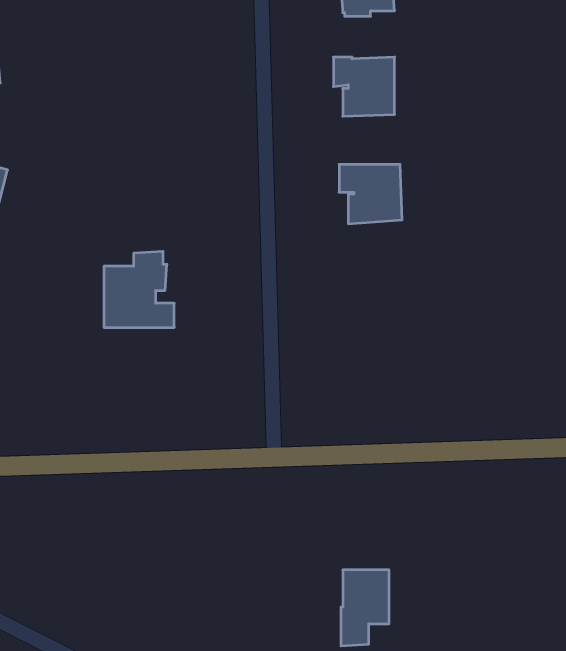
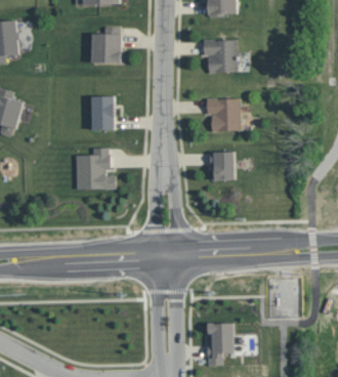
building: none -> [91,27,121,64]
building: none -> [91,96,114,131]
building: none -> [209,152,235,180]

